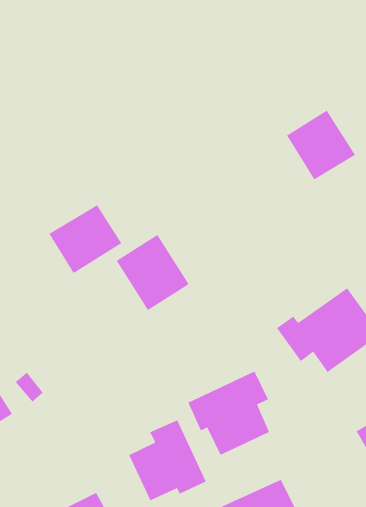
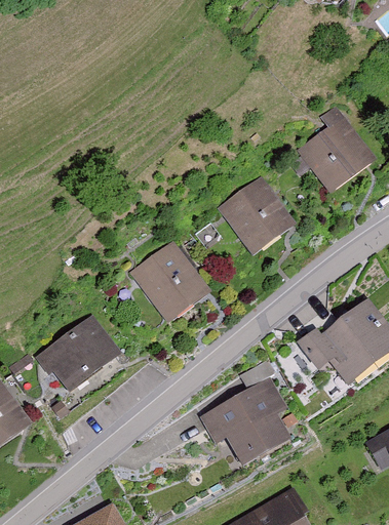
building: none -> [222,177,297,253]
building: [49,204,122,274] -> [43,320,117,390]
building: [128,419,207,501] -> none

